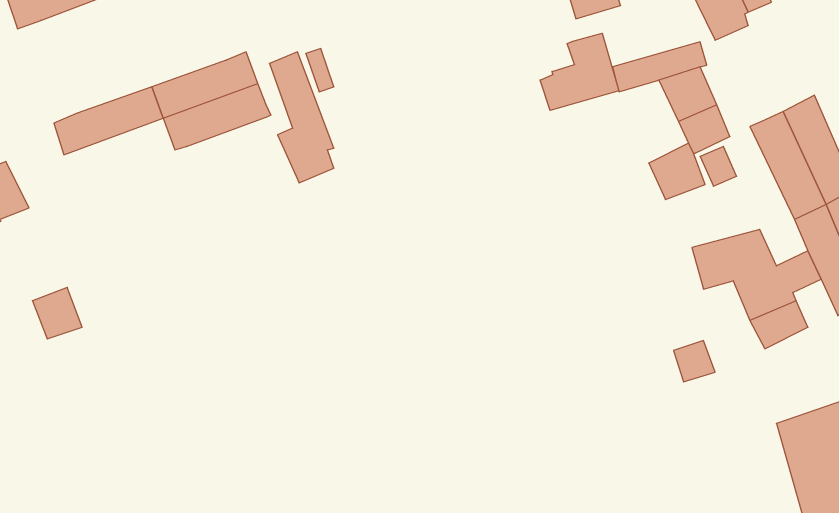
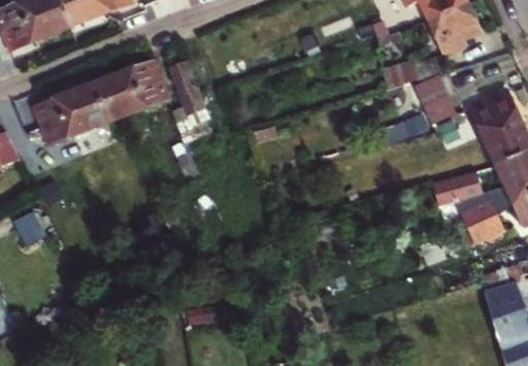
building: [540,33,619,110] -> none
building: none -> [40,102,109,144]

